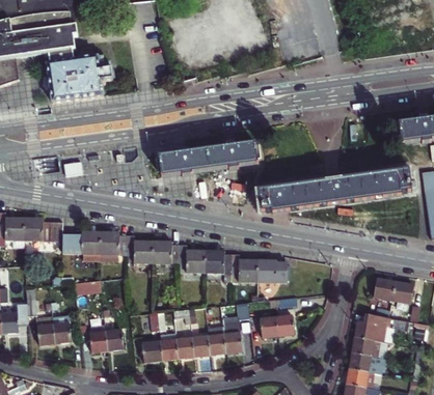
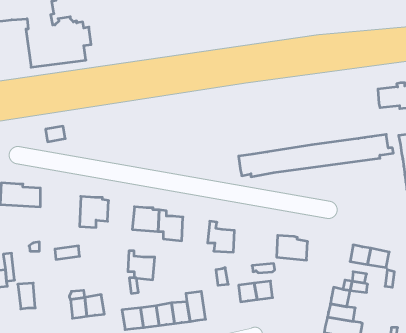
building: [159,143,259,176] -> none
building: [59,229,101,260] -> none
building: [128,234,155,263] -> [128,251,155,280]
building: [202,251,230,277] -> none
building: [254,264,286,289] -> [277,235,308,260]
building: [53,315,71,342] -> none
building: [222,322,240,354] -> none

